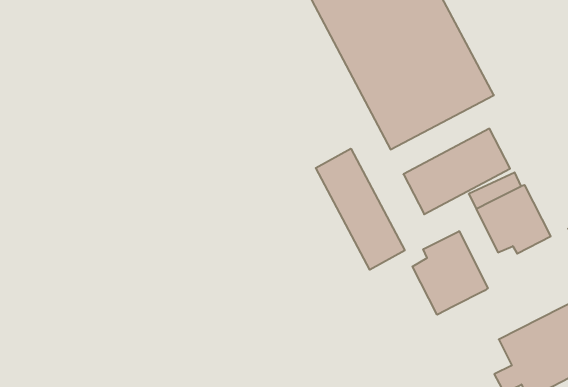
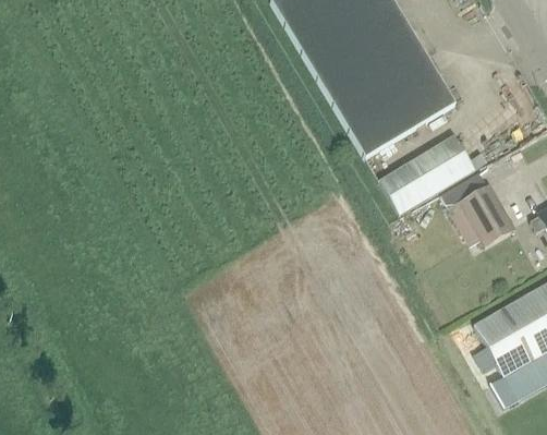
building: [316,149,405,270] -> none
building: [412,231,488,315] -> none

